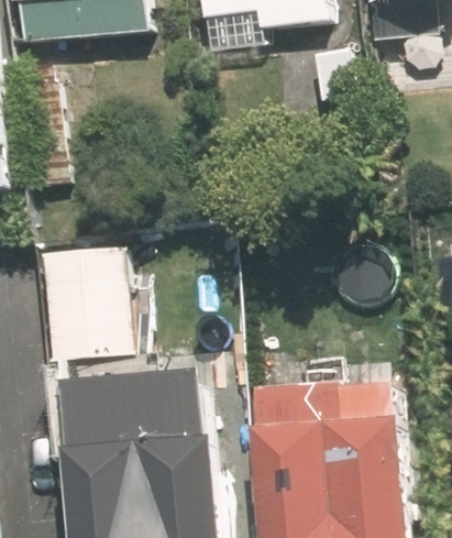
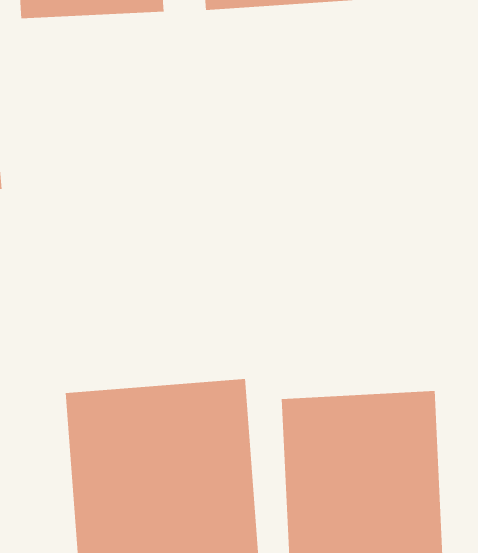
building: [51,250,142,363] -> none

